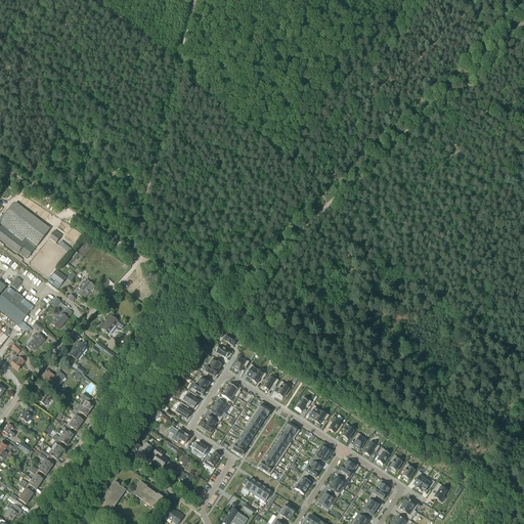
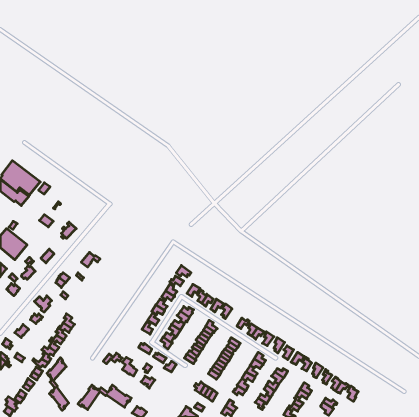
building: none -> [47,358,69,410]

